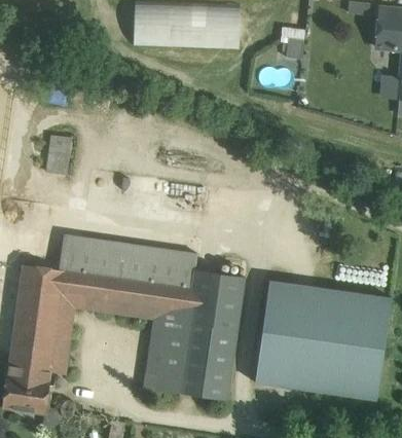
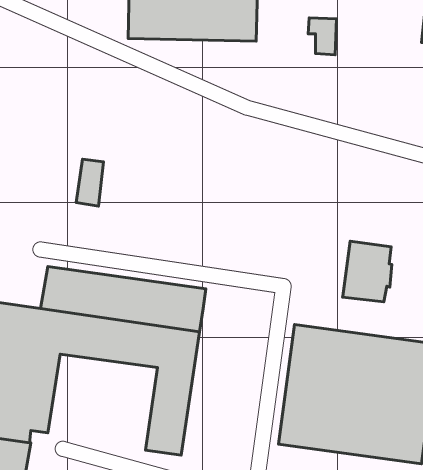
building: [47,136,70,175] -> [76,159,103,206]
building: none -> [342,241,392,302]
building: [176,269,245,400] -> none

